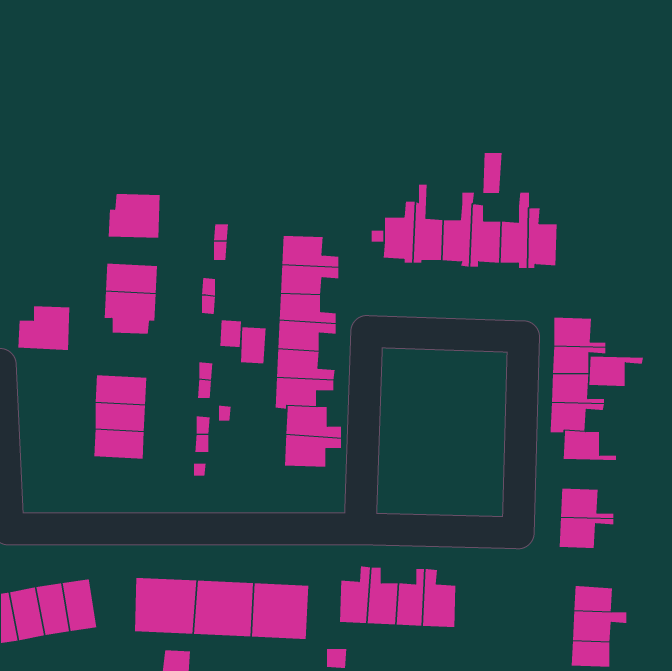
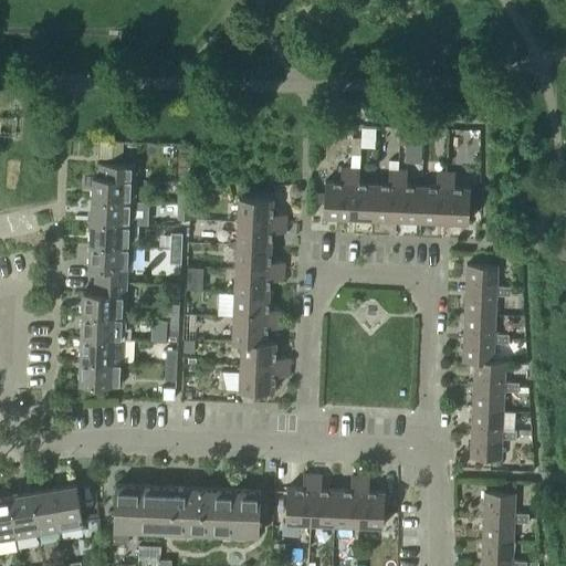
building: none -> [90,200,134,224]
building: [18,306,70,351] -> [81,281,125,318]
building: [240,327,266,364] -> none
building: [589,356,644,386] -> [472,387,518,412]

